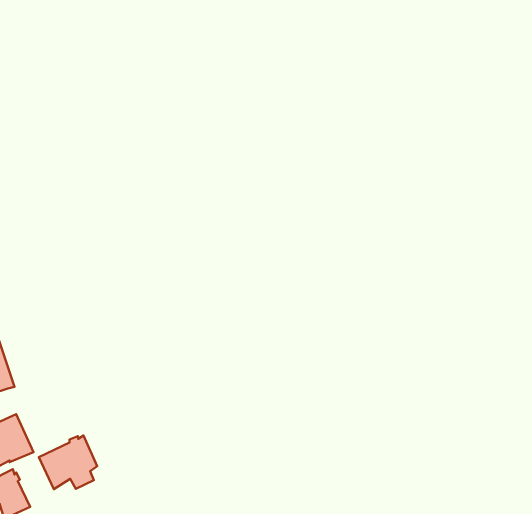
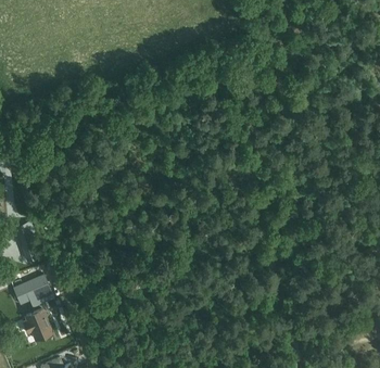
building: [39,436,97,489] -> none

